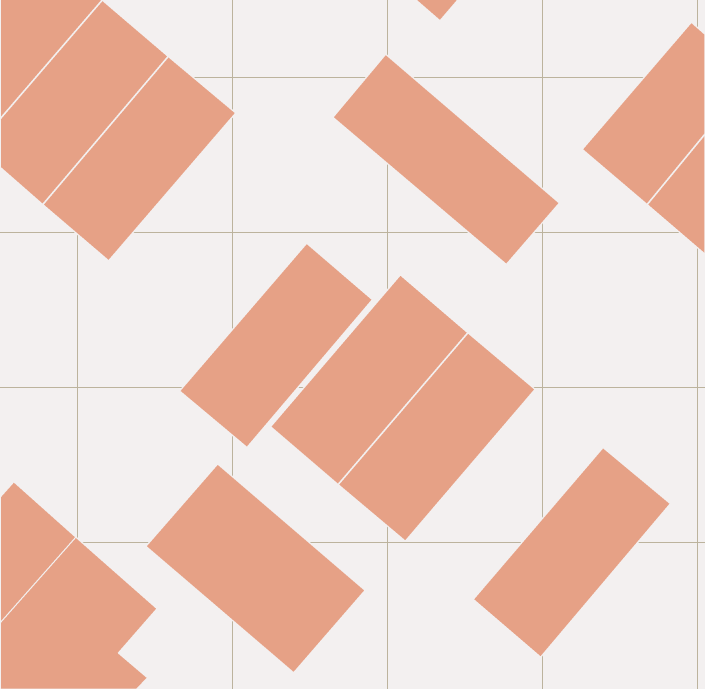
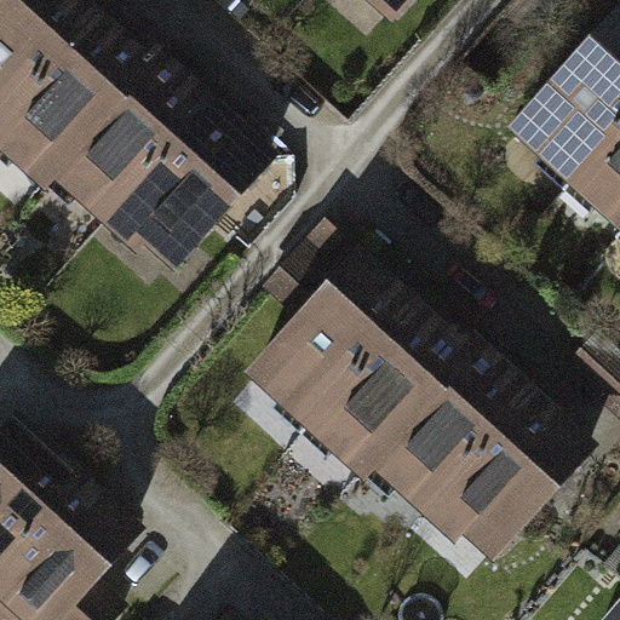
building: [333,54,560,265] -> none
building: [179,243,373,448] -> [96,99,265,279]
building: none -> [356,341,529,526]
building: [146,464,365,673] -> none

